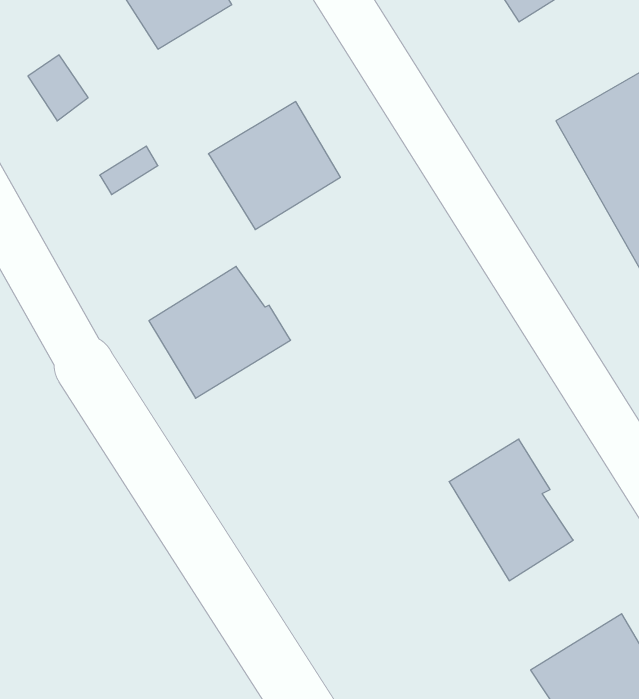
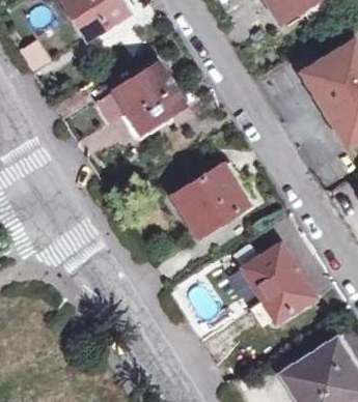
building: [149,266,291,398] -> [172,166,248,236]

